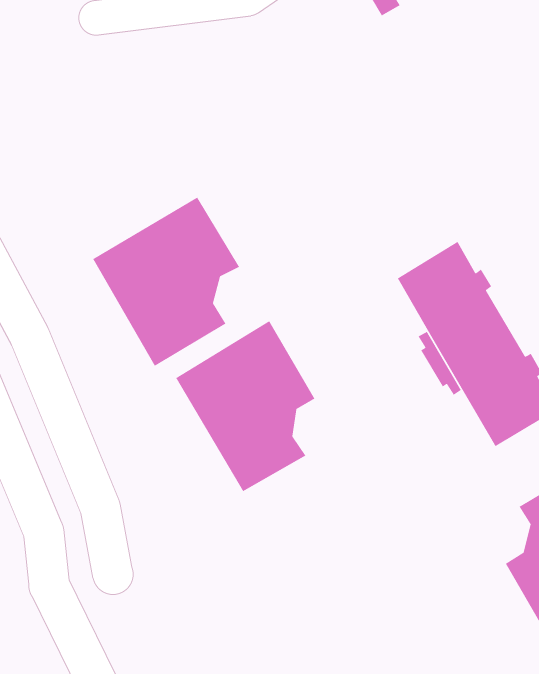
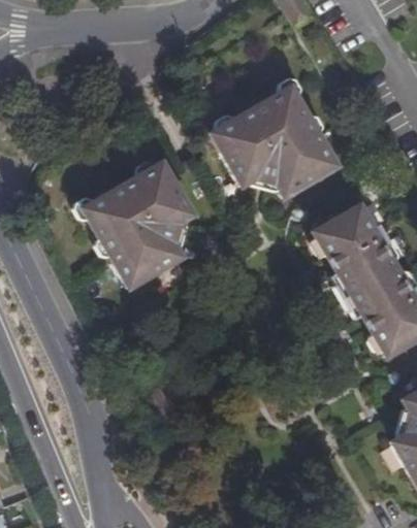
building: none -> [211,87,338,198]
building: [175,320,316,492] -> none

